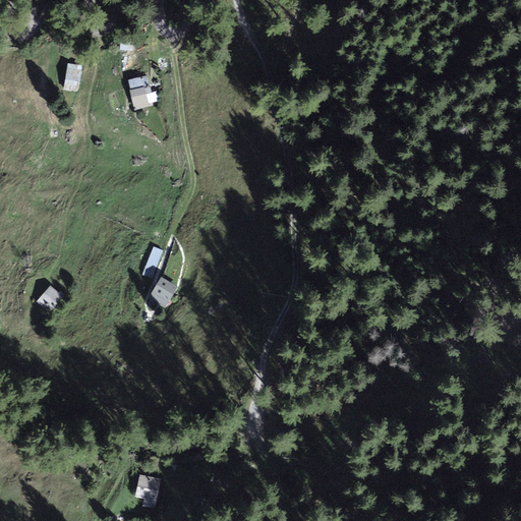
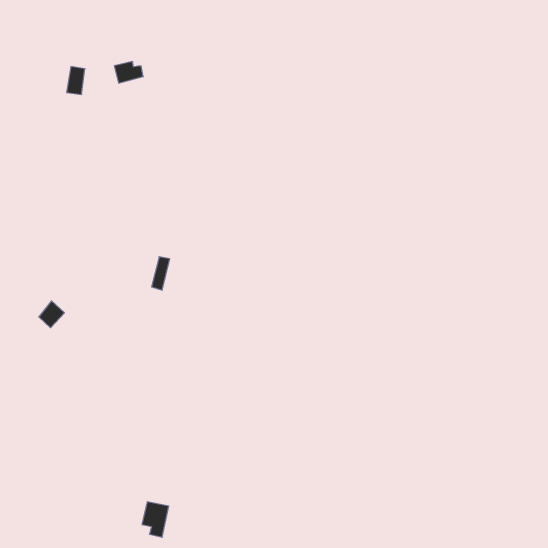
building: [130,85,158,106] -> [114,62,143,83]
building: [149,277,176,305] -> none

